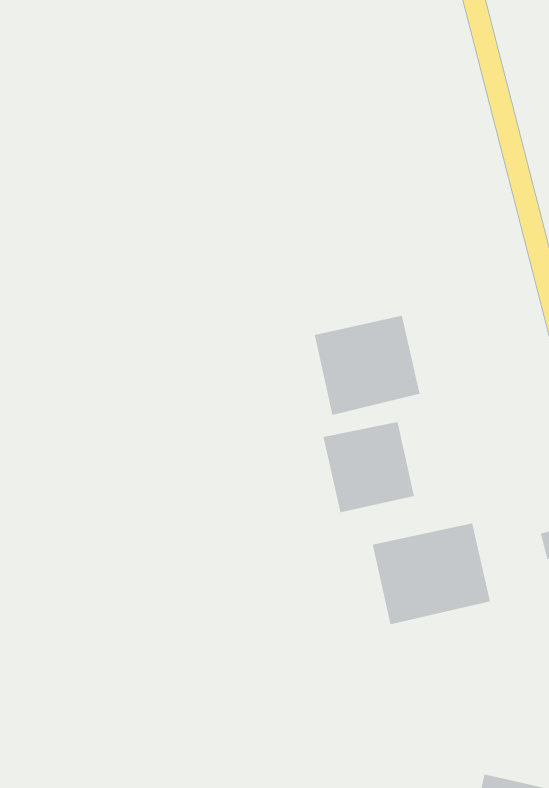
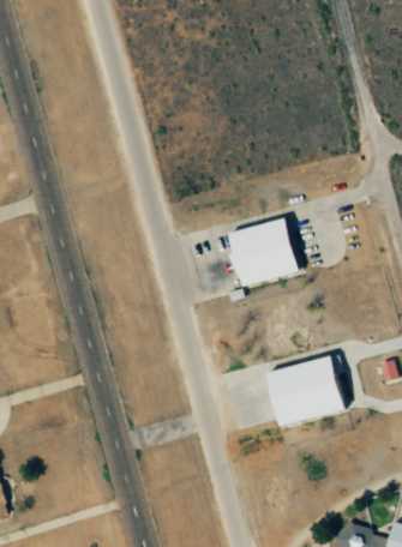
building: [322,421,415,513] -> none

